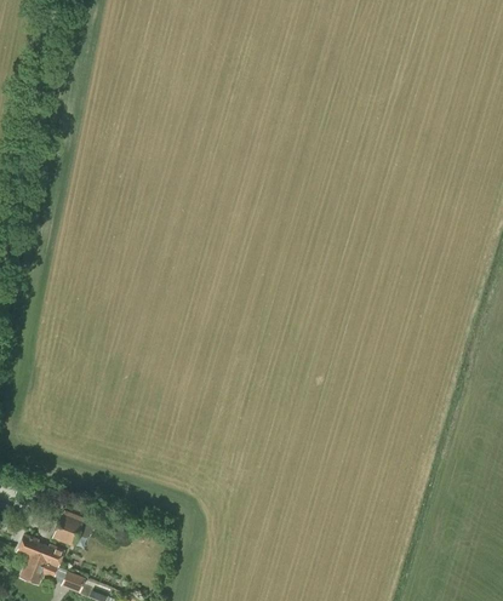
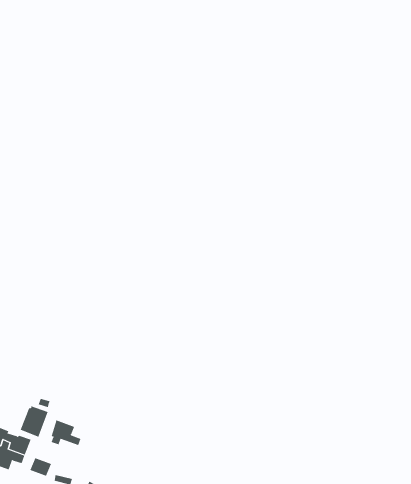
building: none -> [41,420,81,446]

